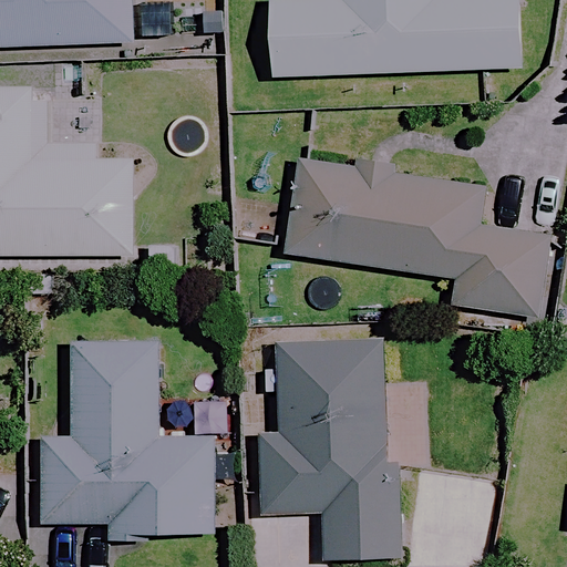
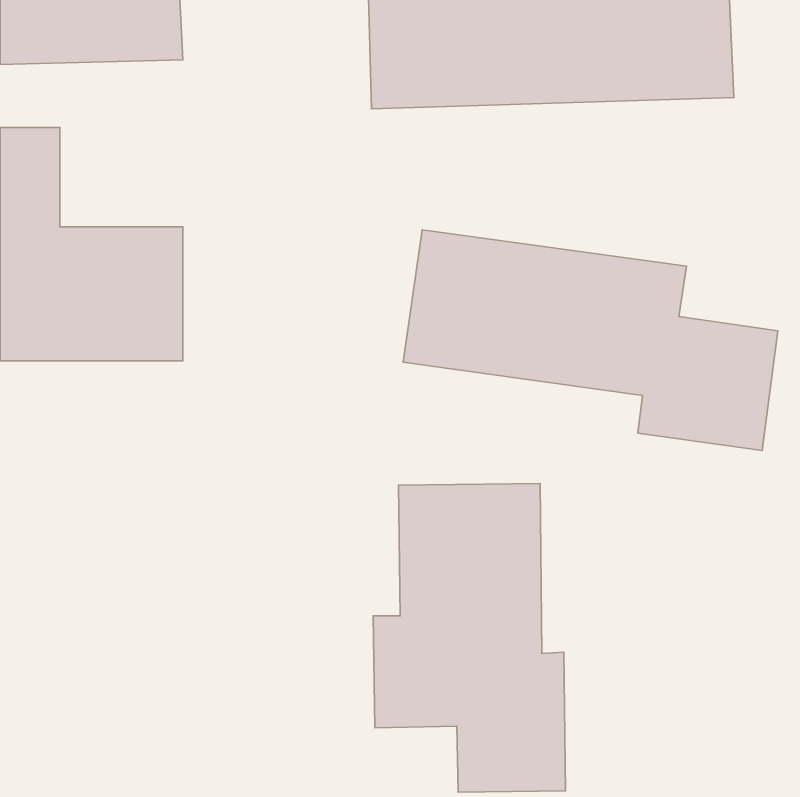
building: [39,341,209,540] -> none

